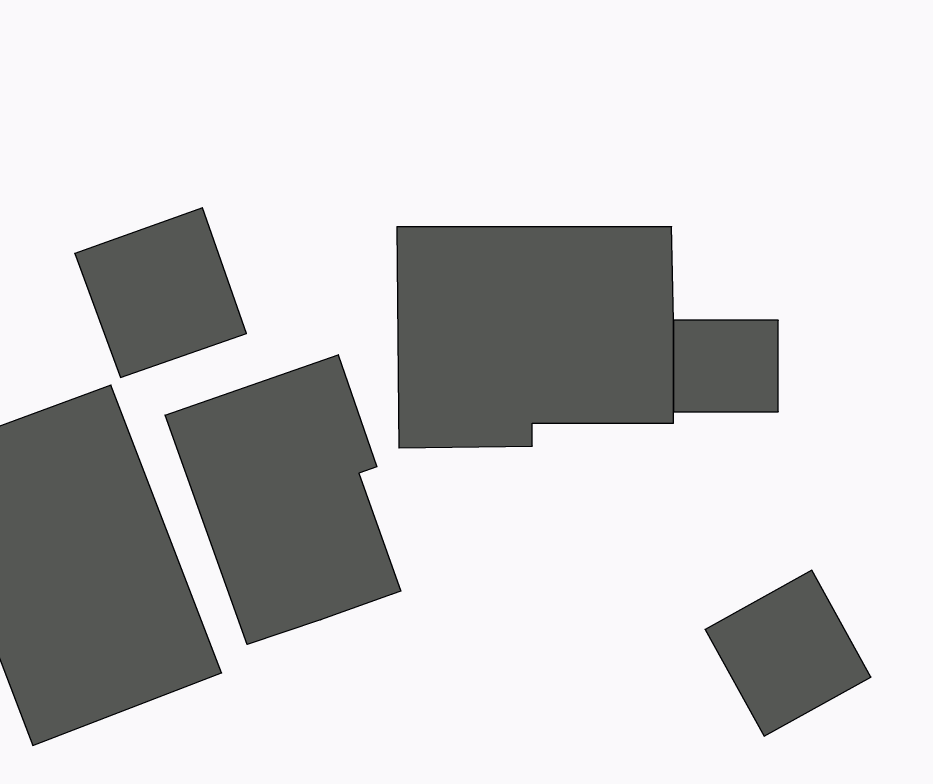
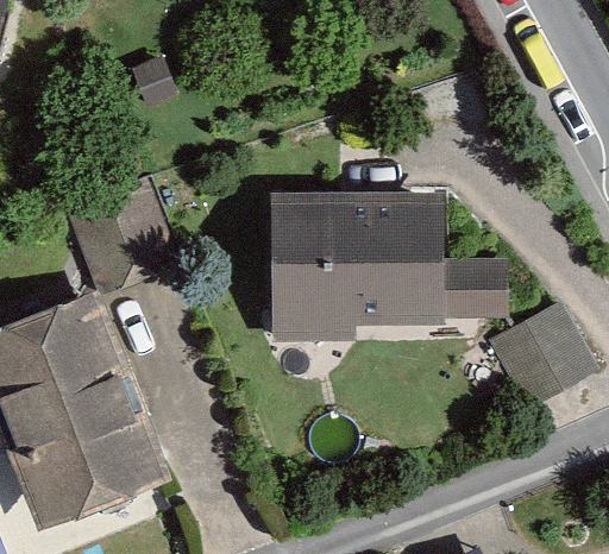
building: [165,355,401,644] -> none
building: [705,570,871,736] -> [492,302,596,405]

